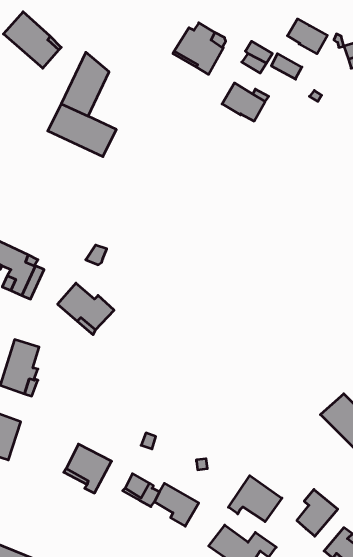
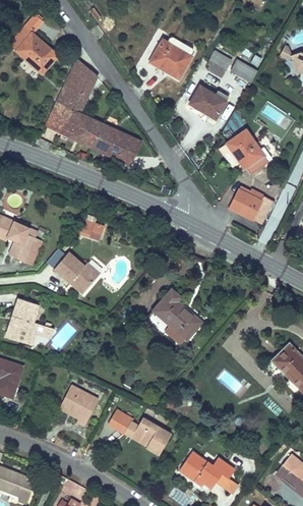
building: [287,19,327,54] -> none
building: none -> [92,124,140,164]
building: none -> [227,129,268,173]
building: none -> [229,189,274,224]
building: none -> [145,289,201,347]
building: [228,476,282,522] -> none
building: [297,489,338,536] -> none

